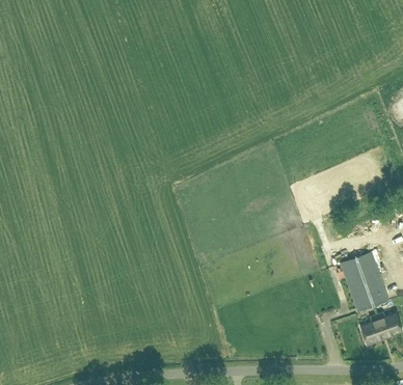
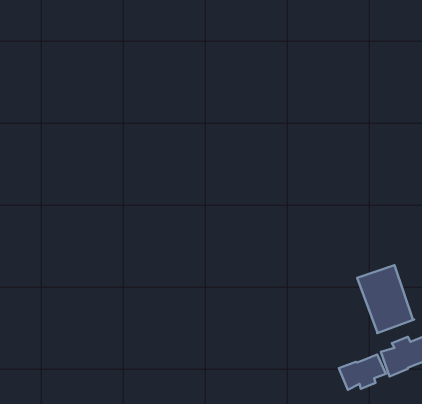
building: none -> [339,355,386,390]

